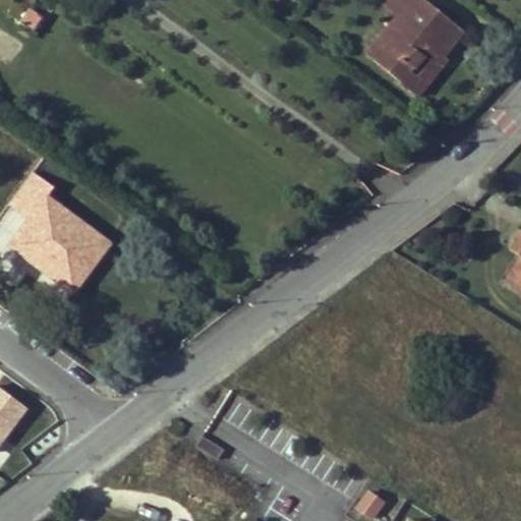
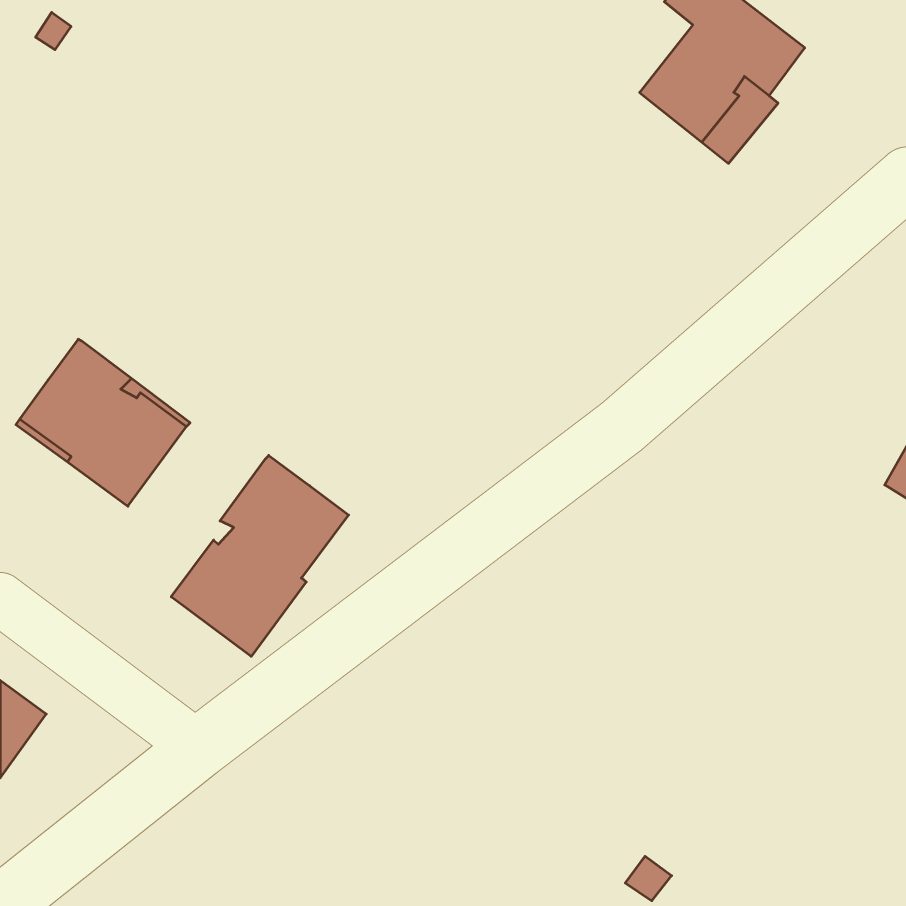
building: [8,171,54,218] -> none
building: none -> [171,455,349,656]

